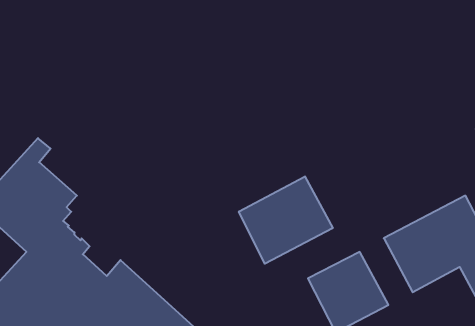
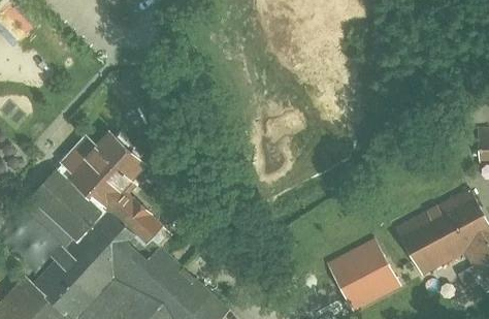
building: none -> [86,132,161,261]
building: [239,176,333,264] -> none

